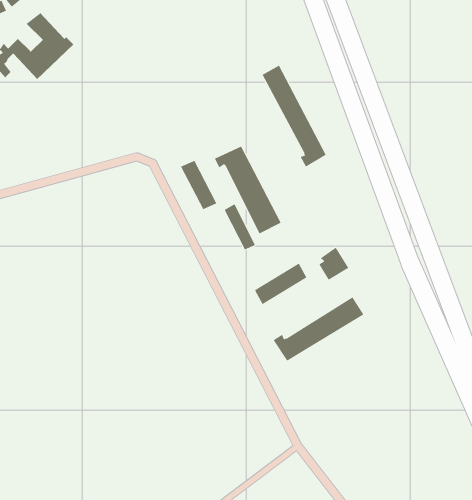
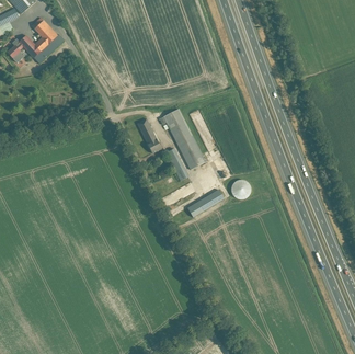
building: [262,65,326,168] -> none
building: [273,296,364,361] -> none

